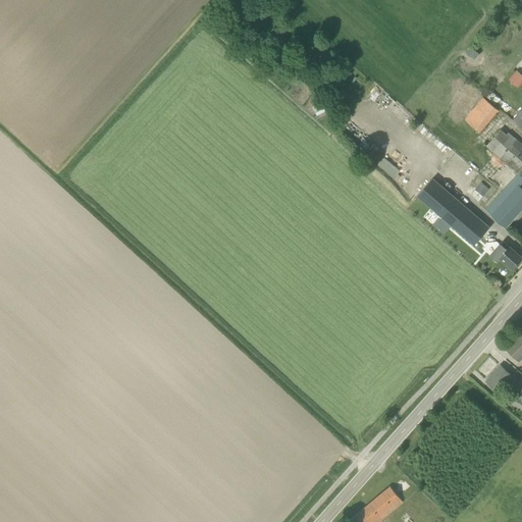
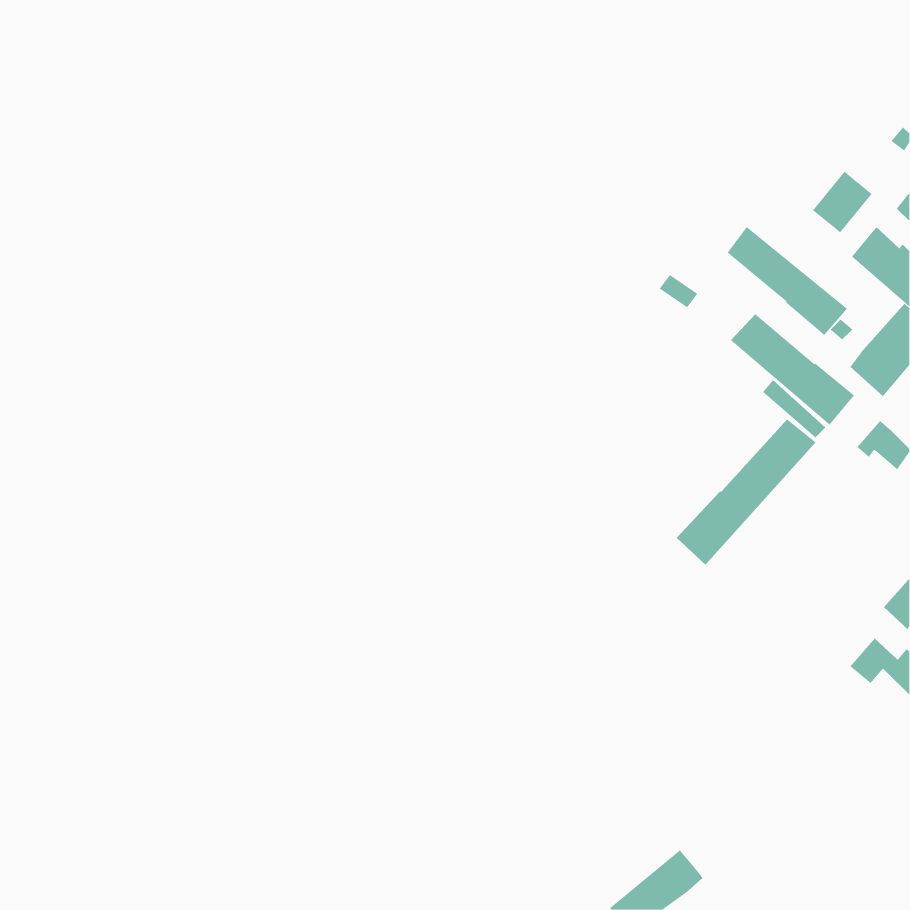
building: none -> [727,226,848,336]
building: none -> [676,418,817,566]

